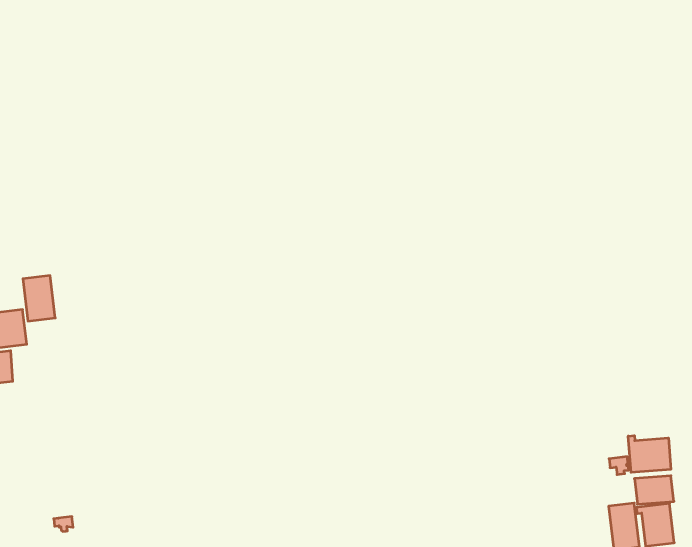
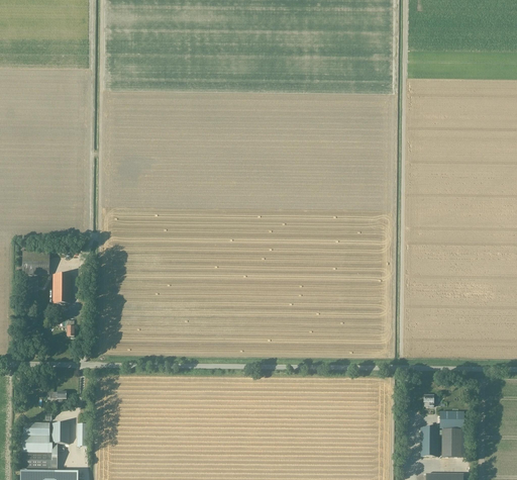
building: [23,276,55,321] -> [54,275,72,303]
building: [628,436,671,472] -> none

